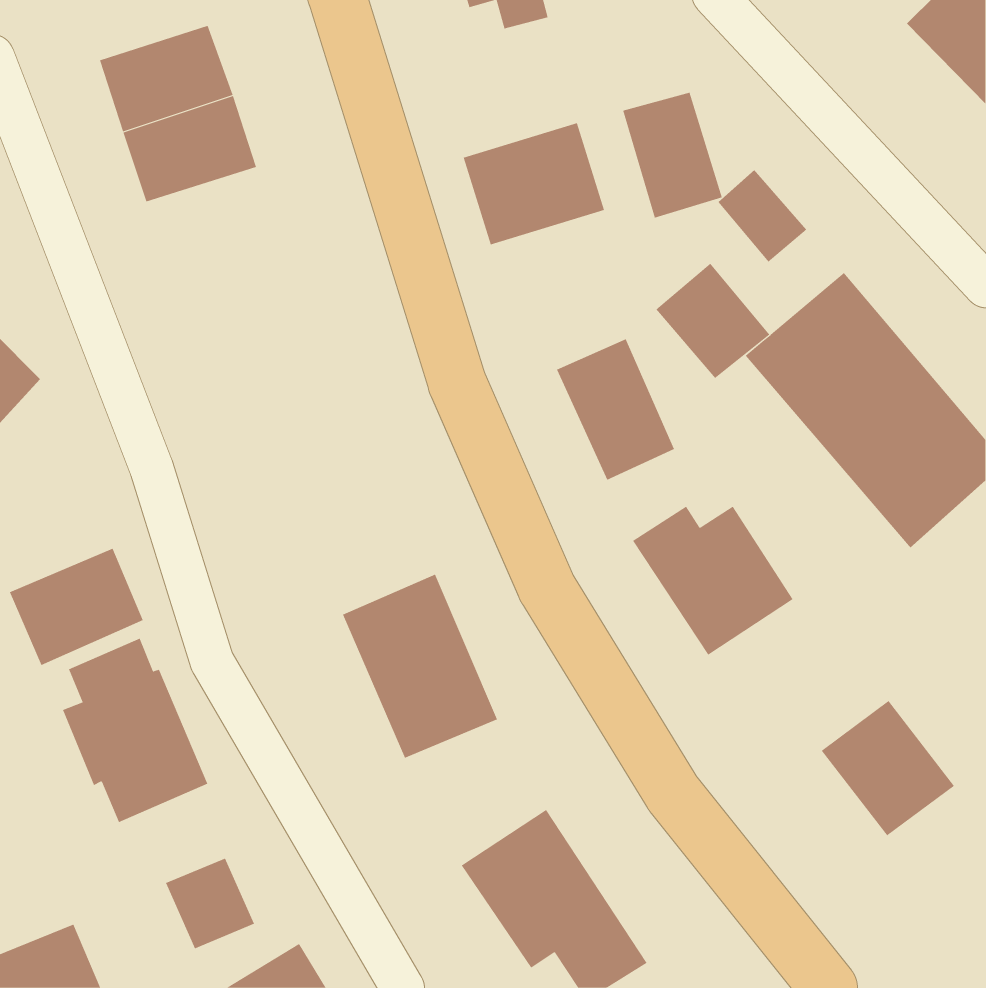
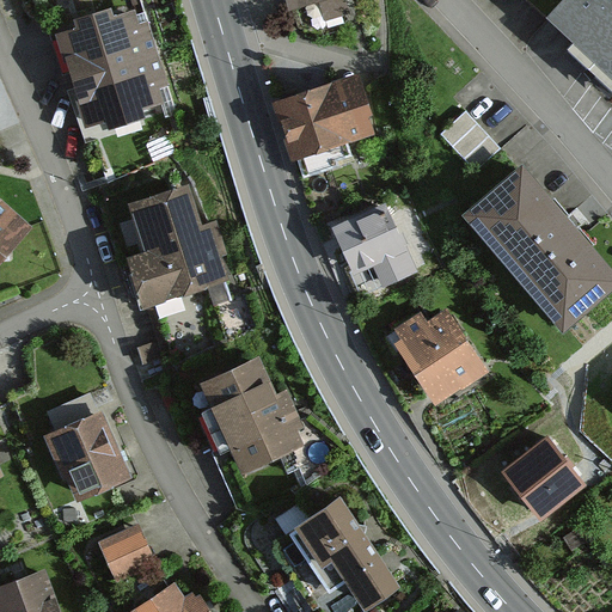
building: [622,92,722,219] -> none
building: [656,263,770,379] -> none
building: none -> [120,185,226,311]
building: [9,548,143,666] -> none

